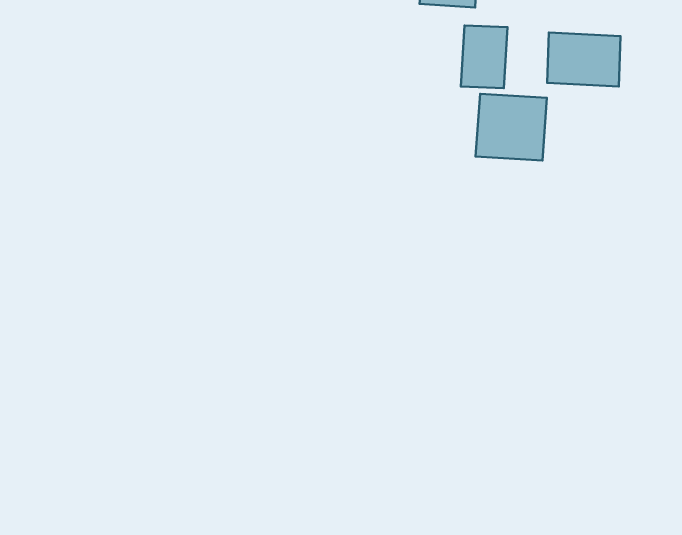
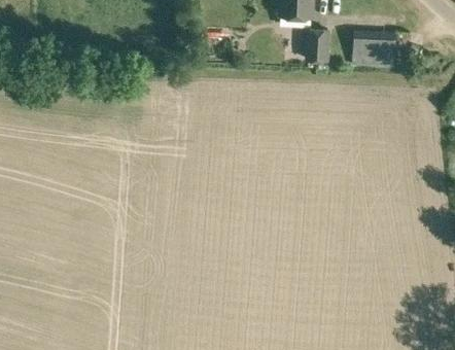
building: [476,94,547,161] -> none

